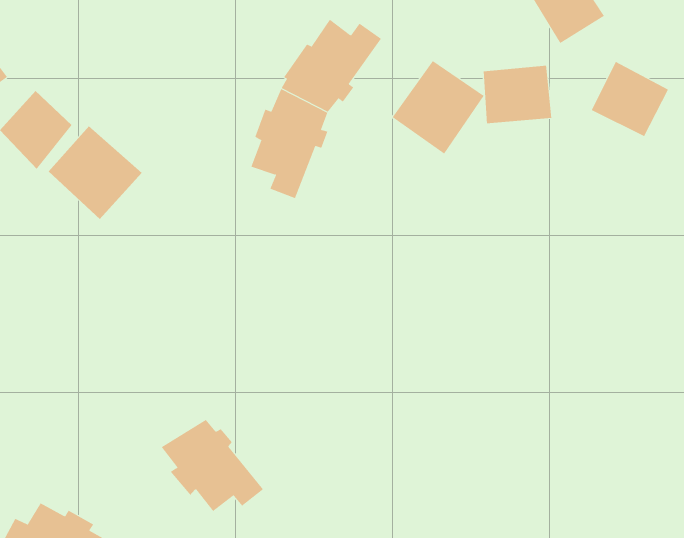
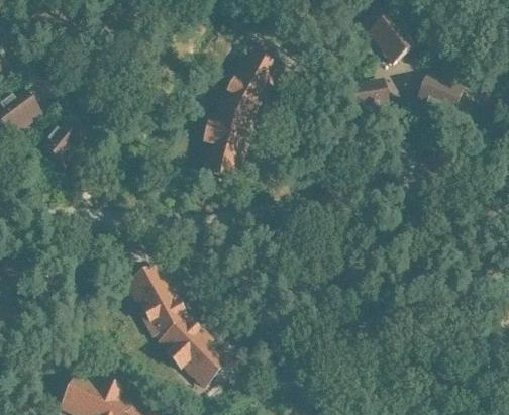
building: [392,60,484,155] -> none
building: [48,126,143,220] -> none
building: none -> [132,268,186,338]

